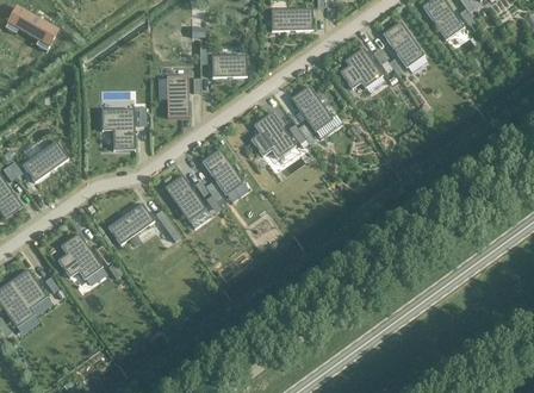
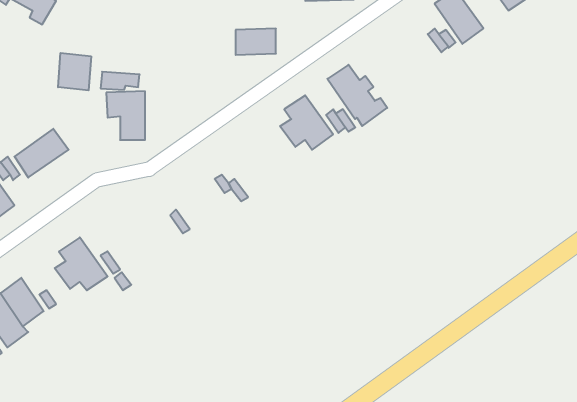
building: [339,46,384,92] -> none
building: [166,74,188,117] -> none
building: none -> [58,53,91,90]
building: [200,146,247,201] -> none
building: [163,174,205,220] -> none
building: [107,201,154,243] -> none

